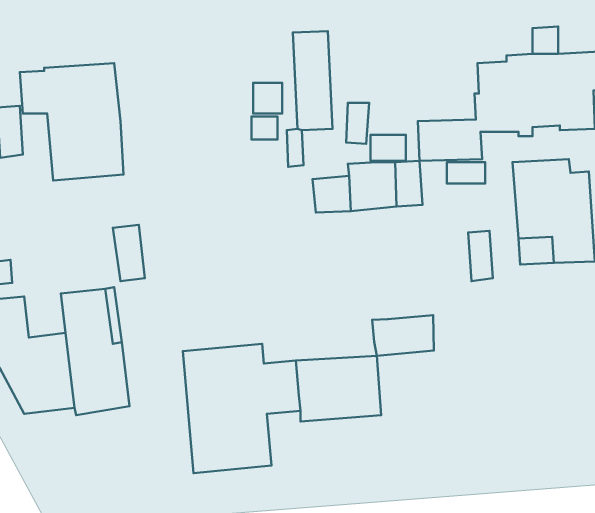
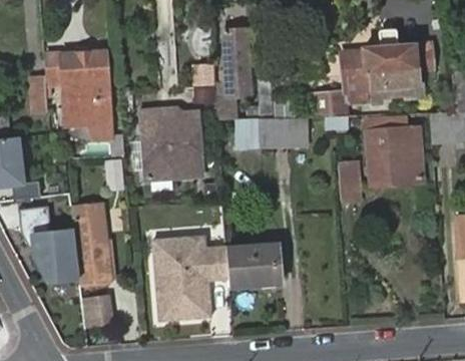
building: none -> [142,110,202,180]
building: [372,315,434,356] -> none
building: none -> [83,295,117,328]

